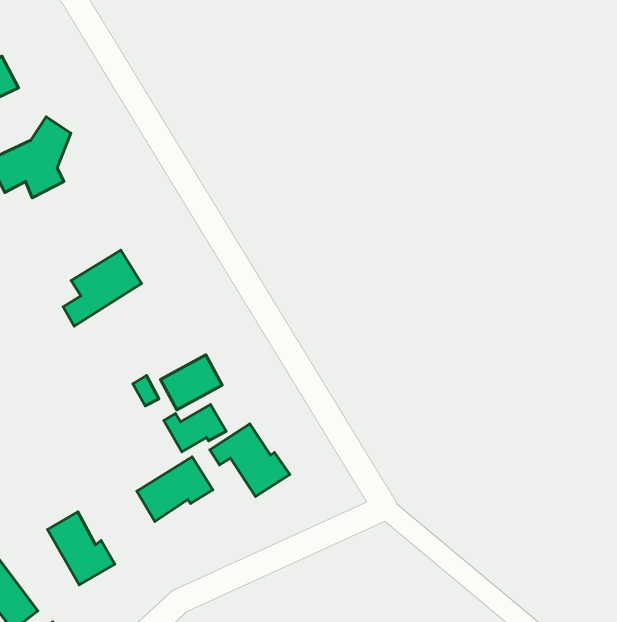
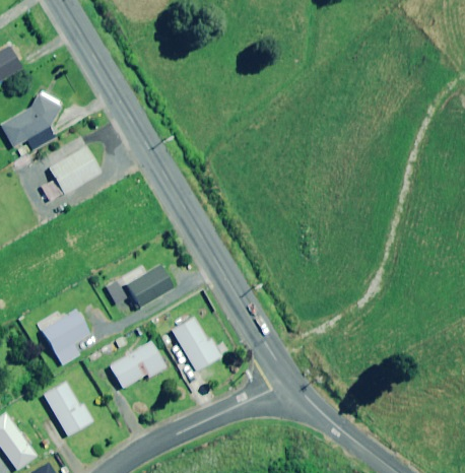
building: [63,250,142,326] -> [43,146,101,202]
building: [164,404,226,452] -> none
building: none -> [41,309,89,364]

